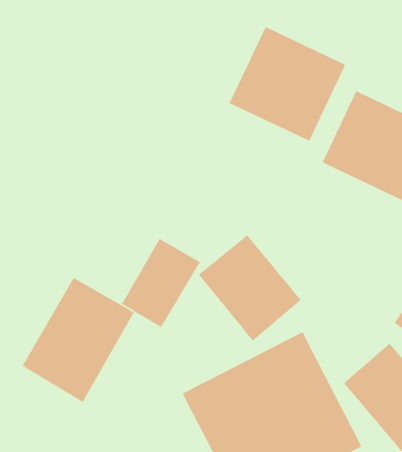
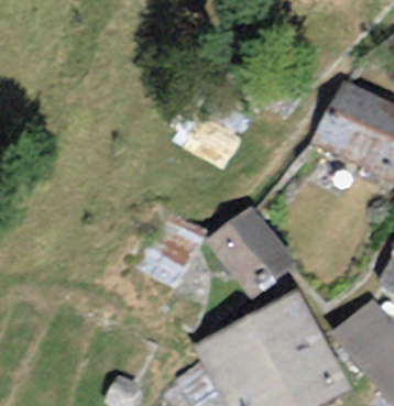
building: [229,26,346,142] -> none
building: [22,277,134,403] -> none

